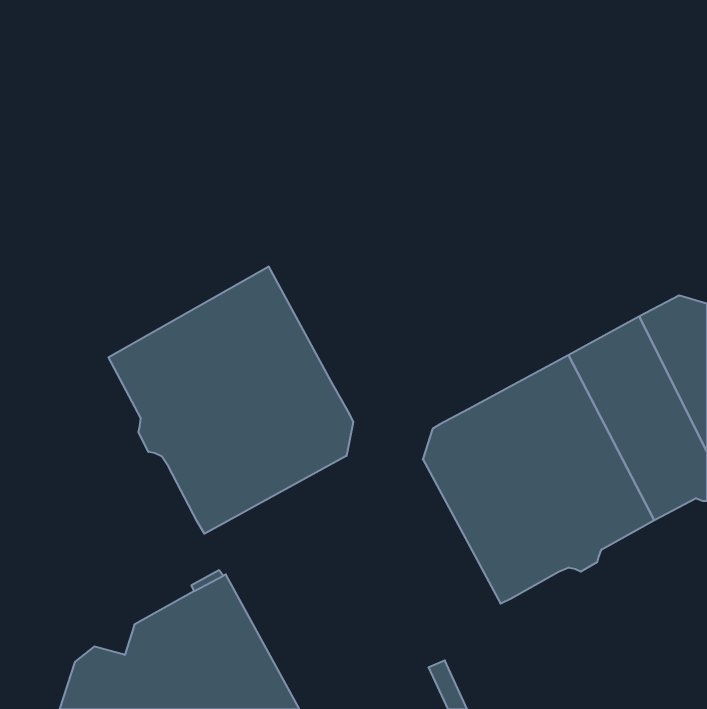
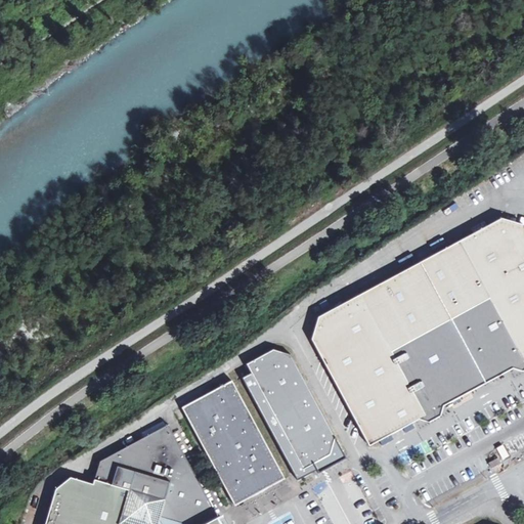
building: [108,266,353,534] -> none
building: none -> [243,348,347,478]
building: none -> [181,380,286,505]

